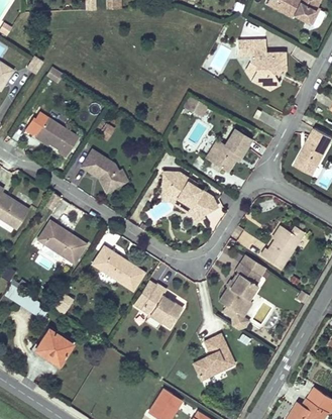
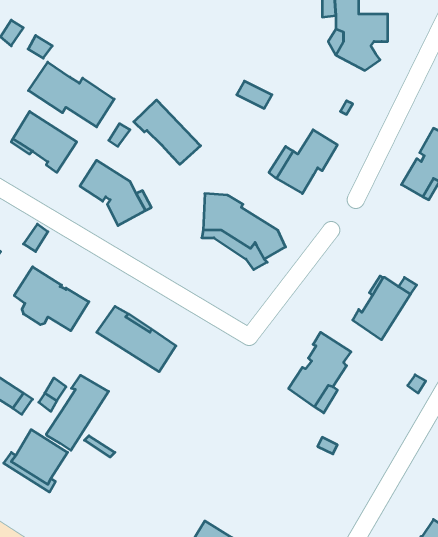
building: none -> [28,62,114,127]
building: none -> [134,100,201,164]
building: [140,284,183,328] -> none
building: none -> [46,375,109,450]
building: [193,334,234,380] -> none

